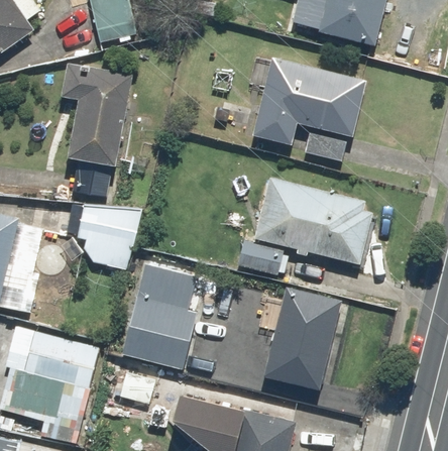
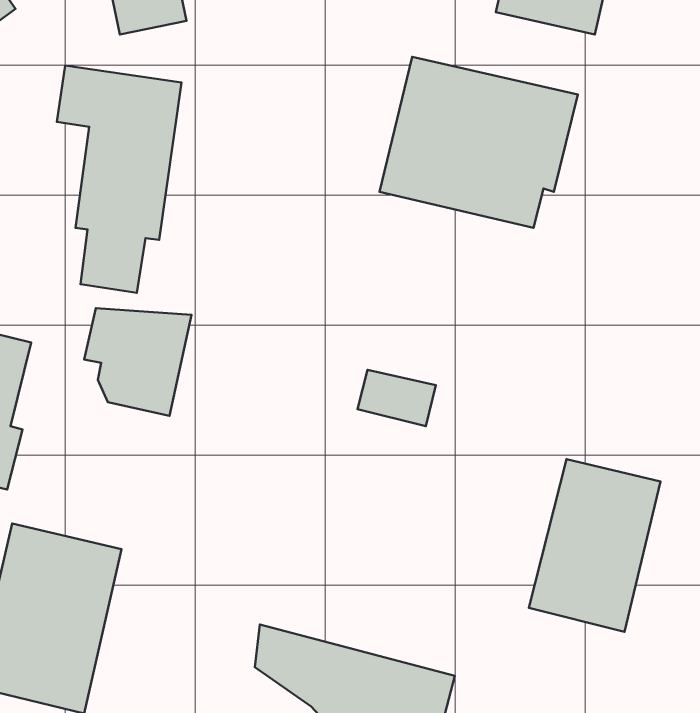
building: [253,178,372,264] -> none
building: [120,261,204,367] -> none
building: [263,288,341,389] -> [529,459,660,632]

